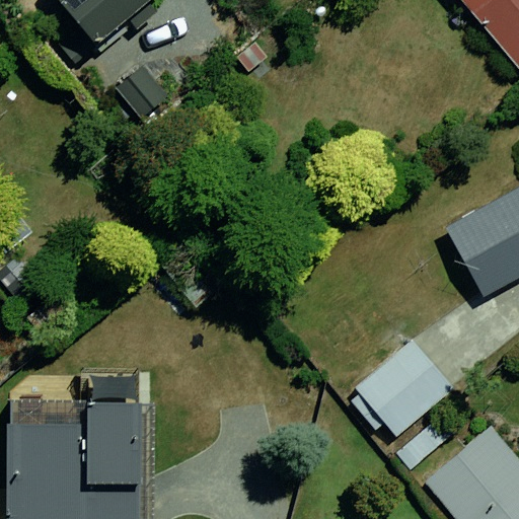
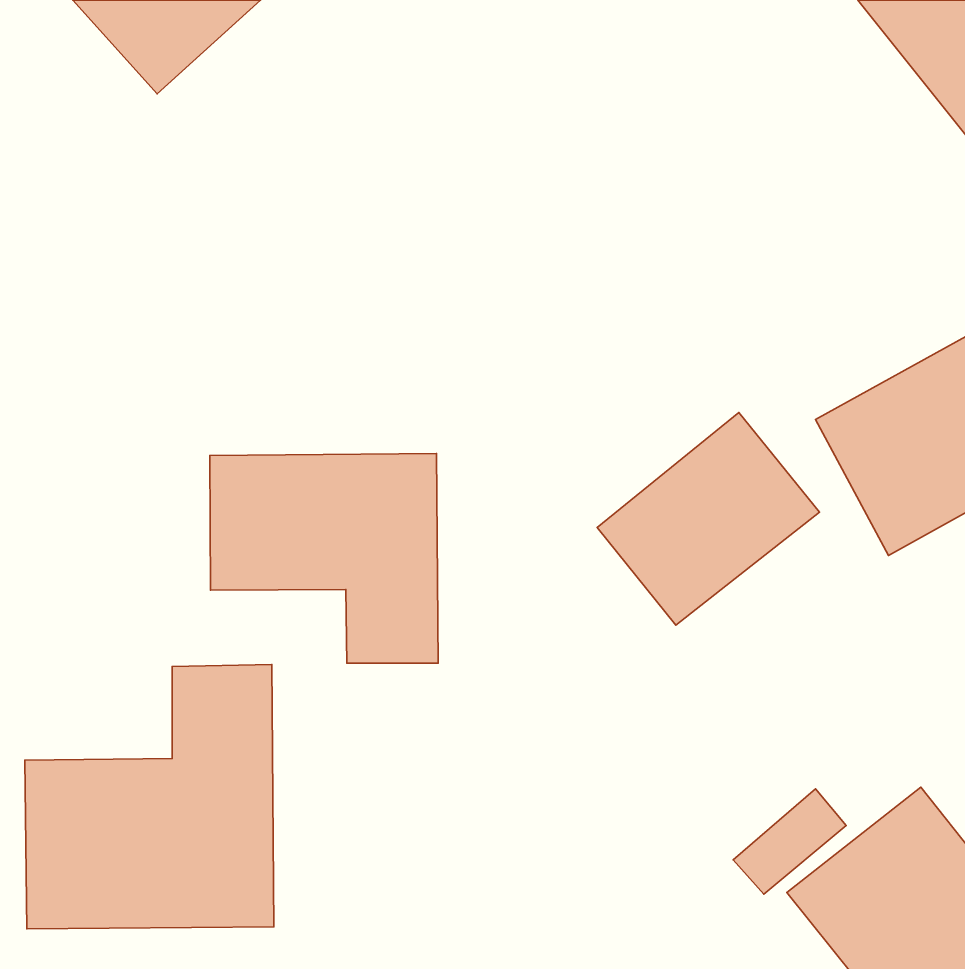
building: none -> [210,454,438,663]
building: [340,339,457,451] -> [597,412,819,625]

